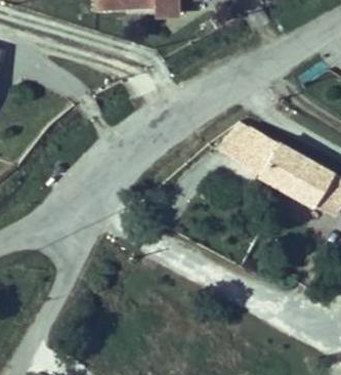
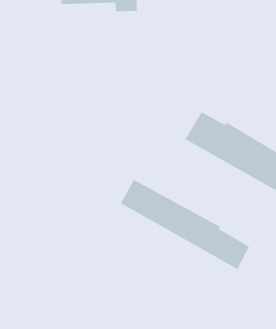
building: none -> [120,179,250,270]

